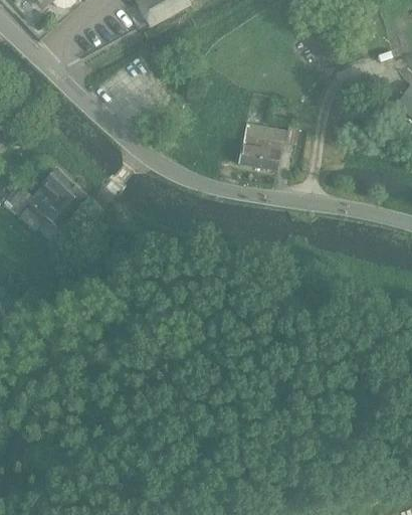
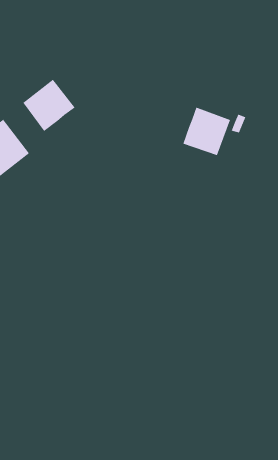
building: none -> [23,79,75,132]

